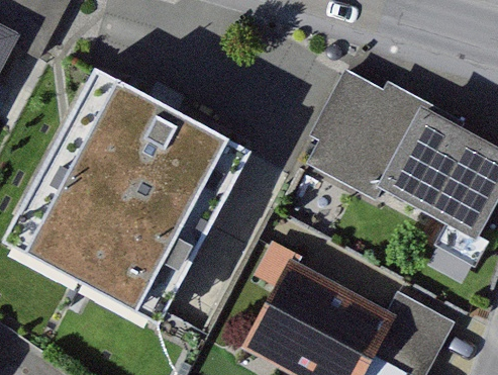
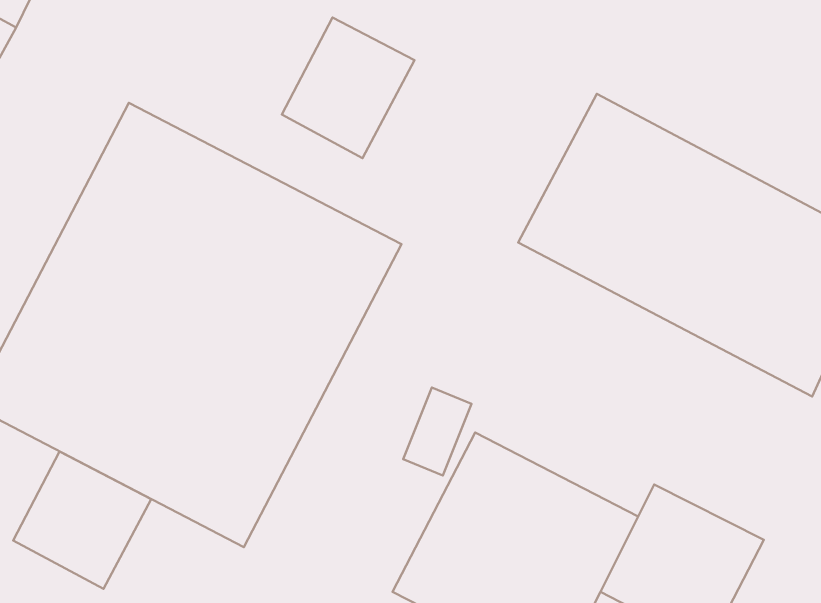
building: none -> [282,17,414,158]
building: none -> [13,451,151,589]

